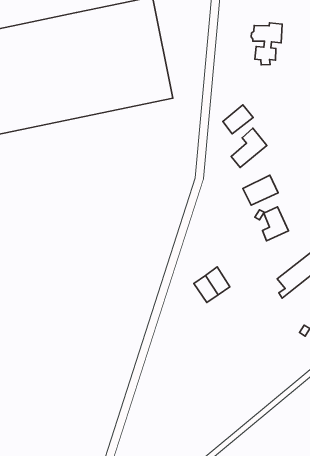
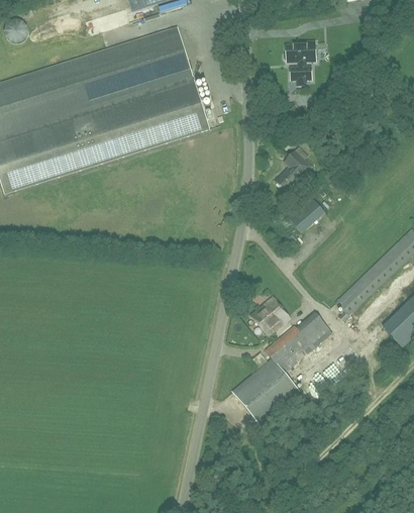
building: [223,105,253,134] -> none
building: [263,207,289,241] -> none
building: none -> [231,312,331,422]

